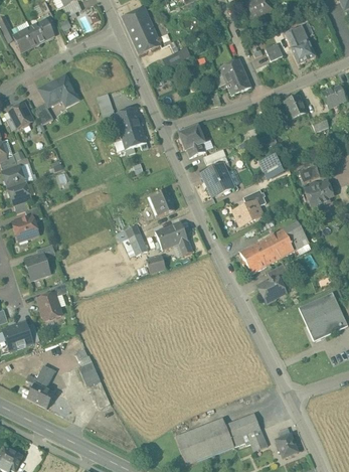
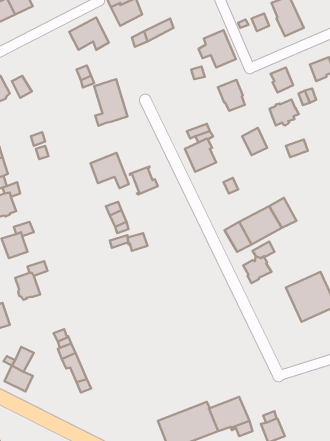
building: [39,74,77,106] -> [69,17,109,50]
building: [179,126,205,156] -> [218,80,245,111]
building: [305,181,333,206] -> [270,99,299,125]
building: [155,220,192,255] -> [90,153,129,188]

